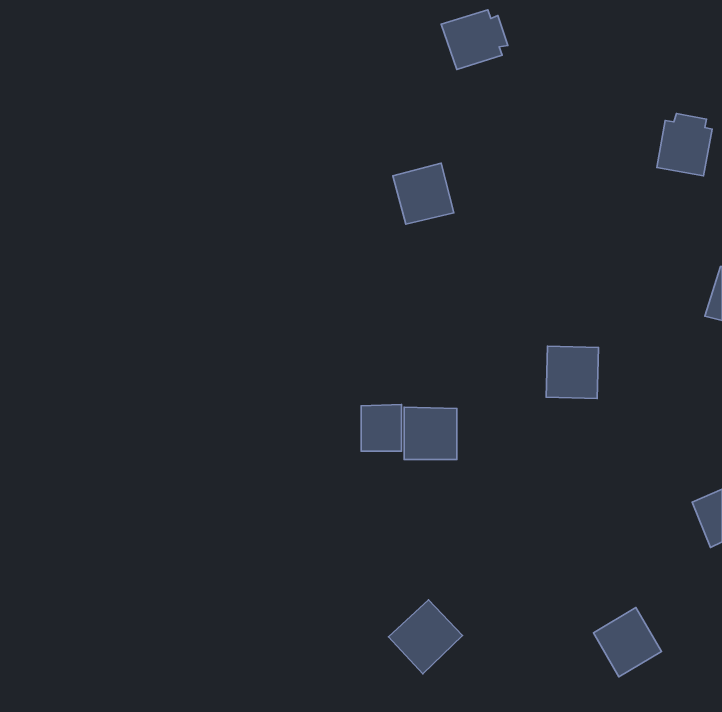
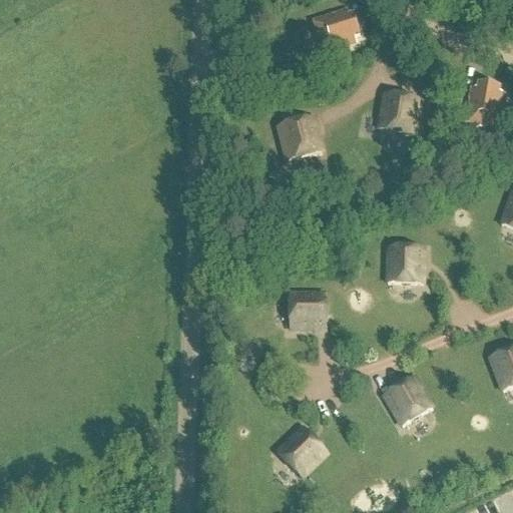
building: none -> [378,92,419,133]
building: [361,404,401,451] -> none
building: [593,607,661,677] -> [383,375,431,424]

